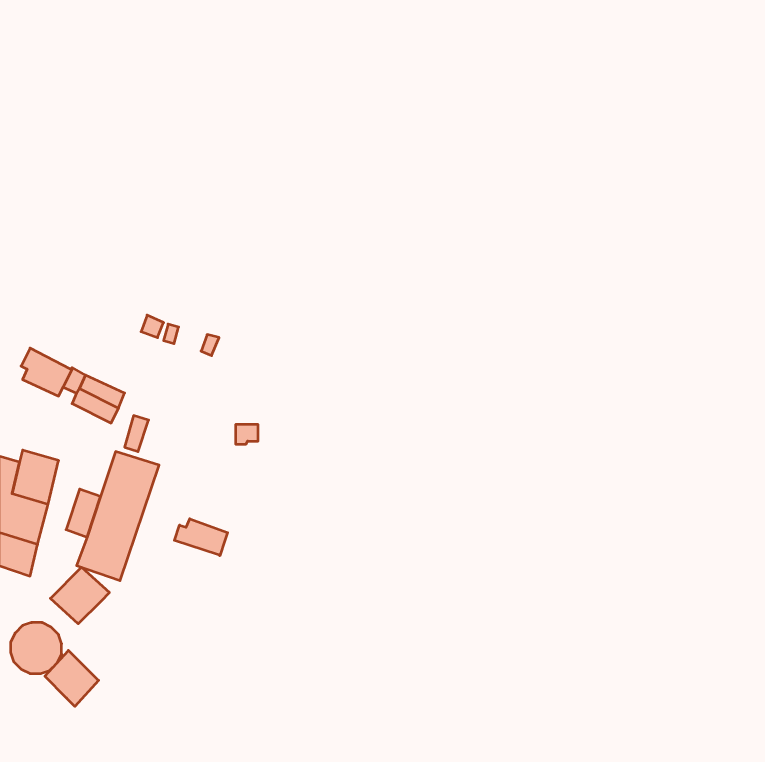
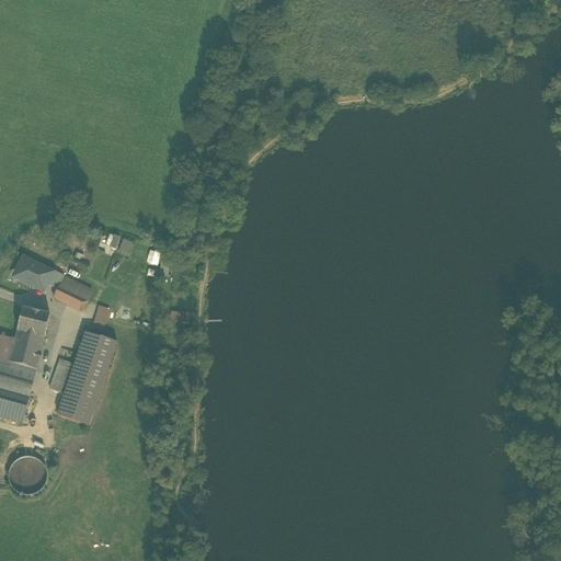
building: none -> [16,307,49,336]
building: [174,519,228,556] -> none
building: [50,567,109,624] -> none
building: [45,650,99,706] -> none

